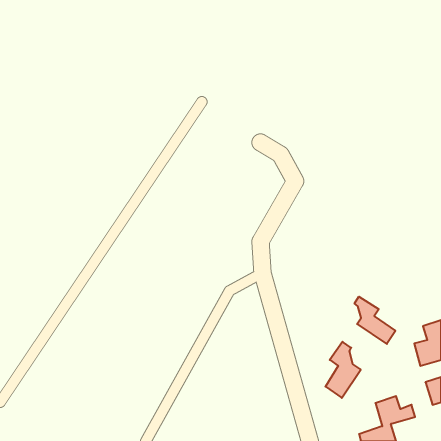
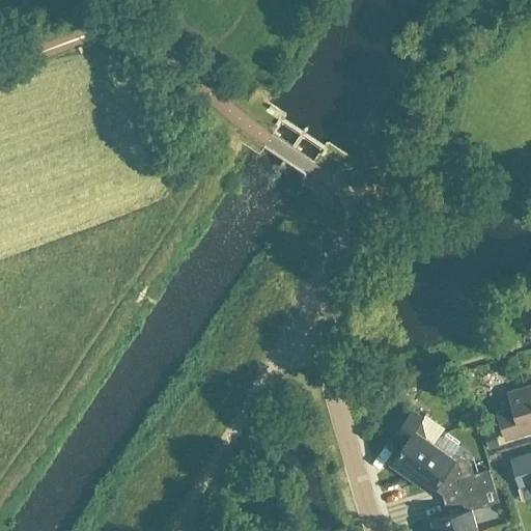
building: [355,297,395,344] -> none
building: none -> [411,444,454,493]

